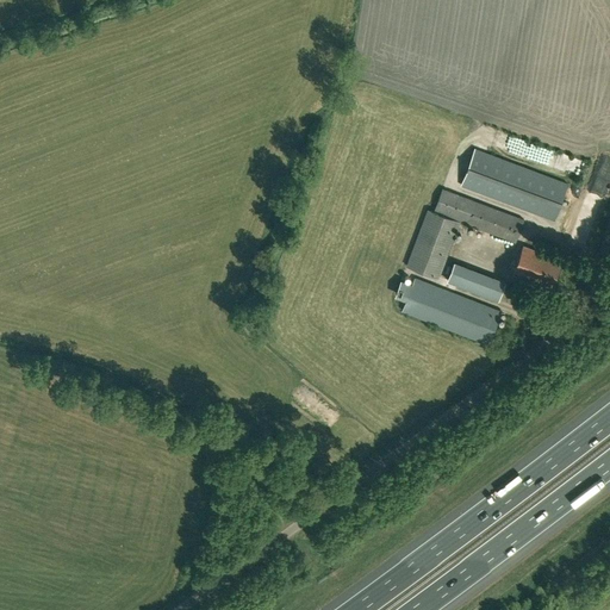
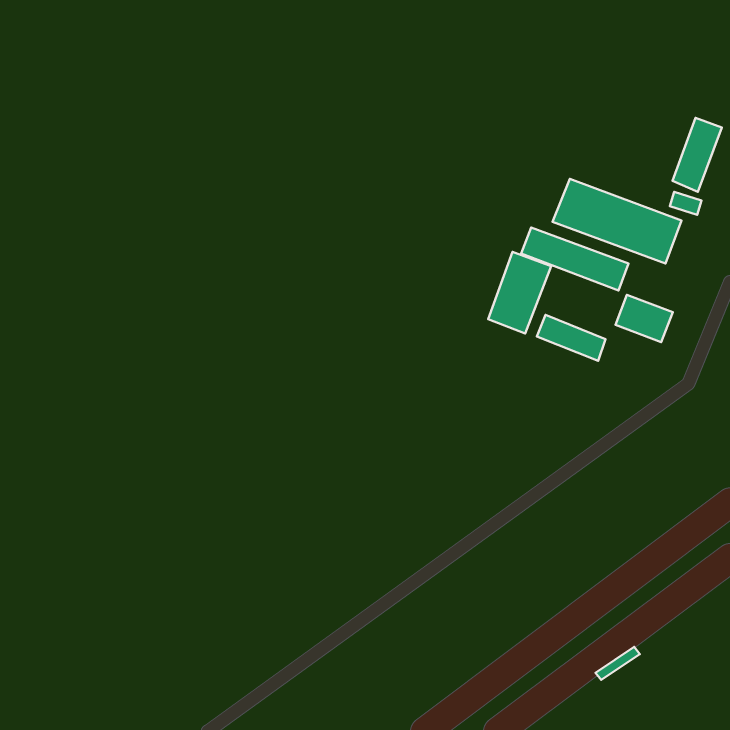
building: none -> [673,118,722,192]
building: [402,279,500,344] -> none

